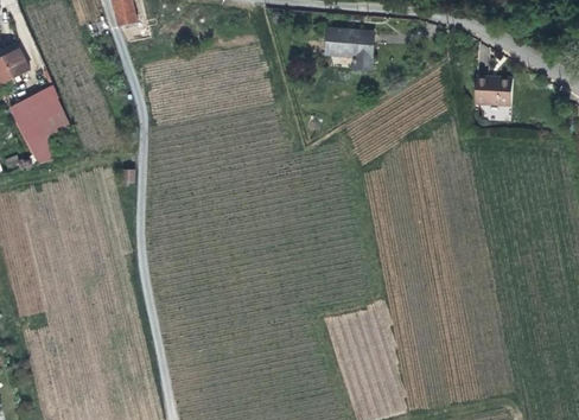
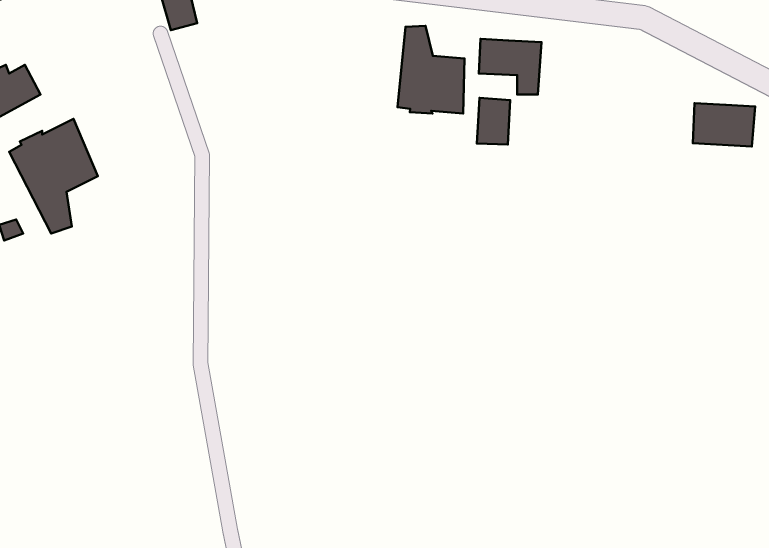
building: none -> [398,26,464,114]
building: none -> [477,98,510,144]

